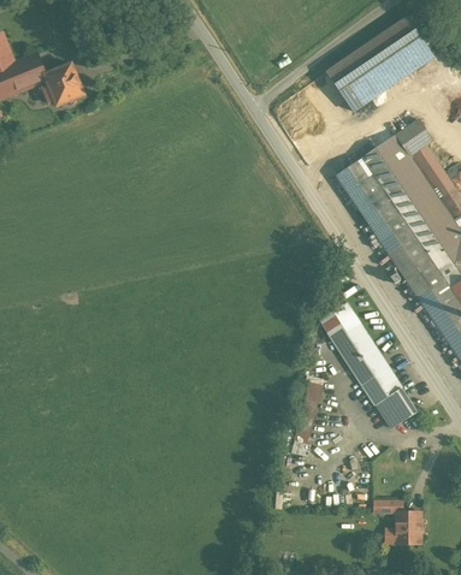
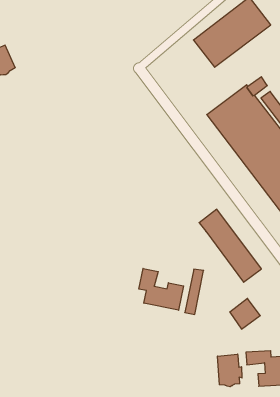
building: none -> [139,268,184,310]
building: [374,386,415,427] -> [230,298,260,329]
building: none -> [218,354,242,387]

